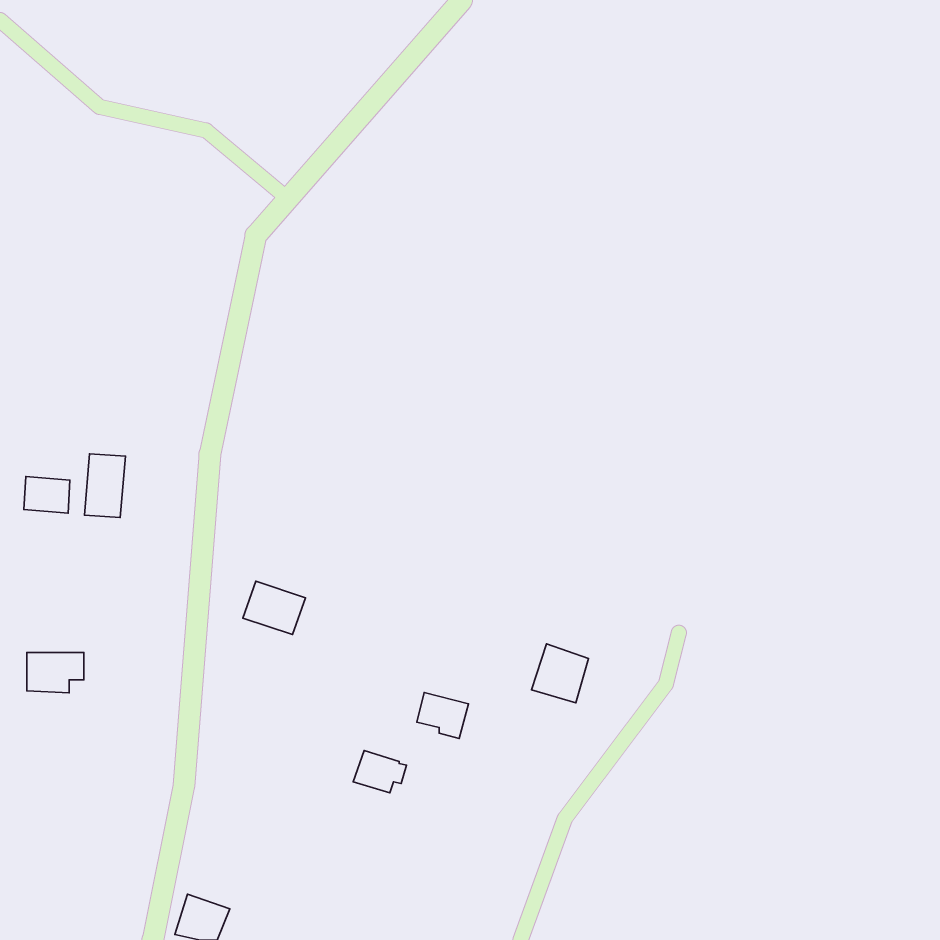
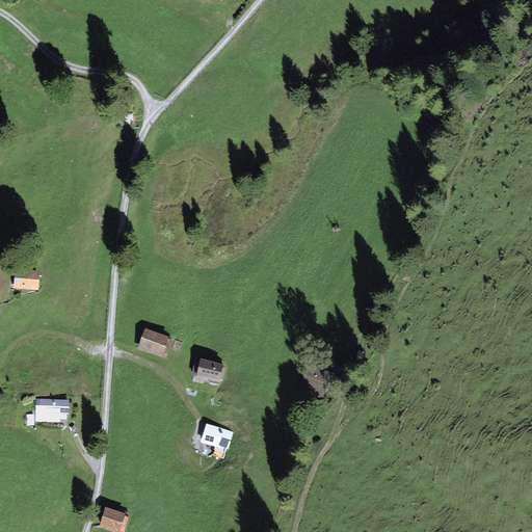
building: [84,454,125,518] -> none
building: [27,652,84,693] -> [36,399,69,422]
building: [417,693,468,739] -> [196,360,225,385]

